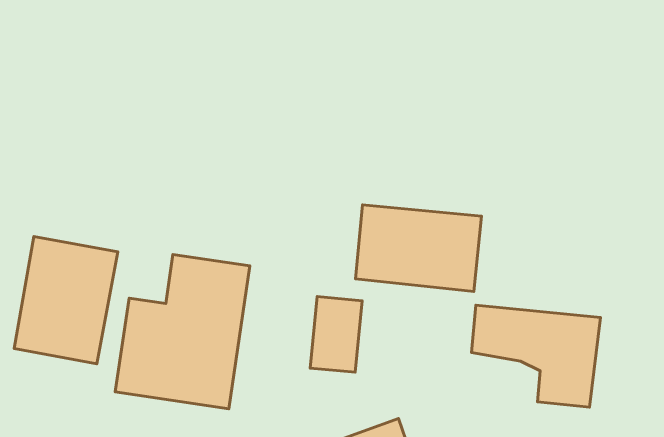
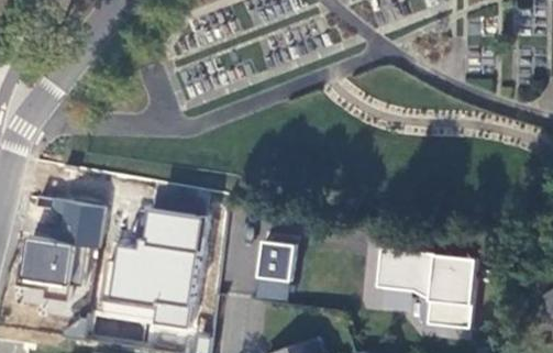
building: [355,205,481,292] -> none

